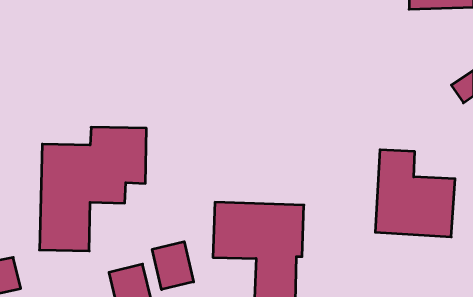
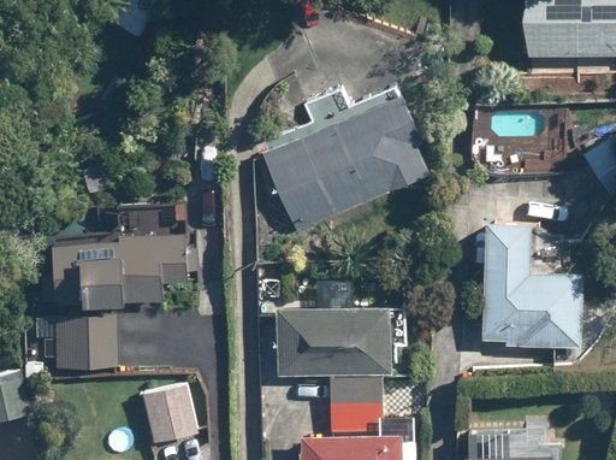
building: none -> [261,92,438,231]
building: [152,242,194,290] -> none

